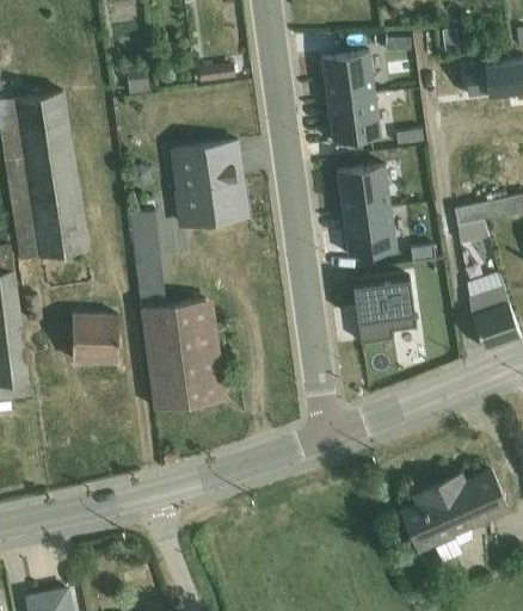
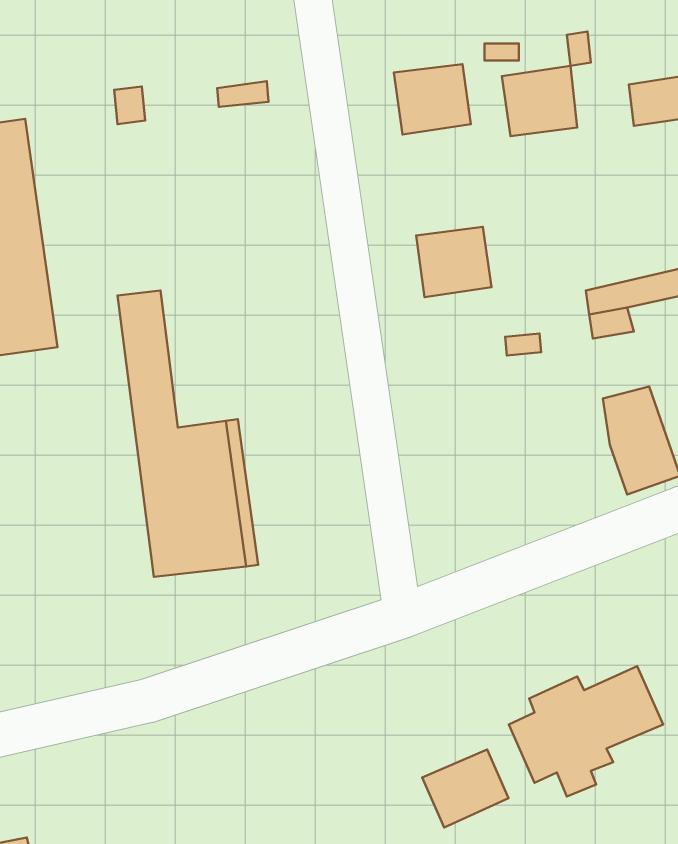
building: [327,94,380,143] -> [502,66,577,136]
building: [172,141,250,227] -> none
building: [343,208,395,257] -> none
building: [352,278,416,344] -> none
building: [72,315,118,363] -> none
building: none -> [422,750,508,827]

